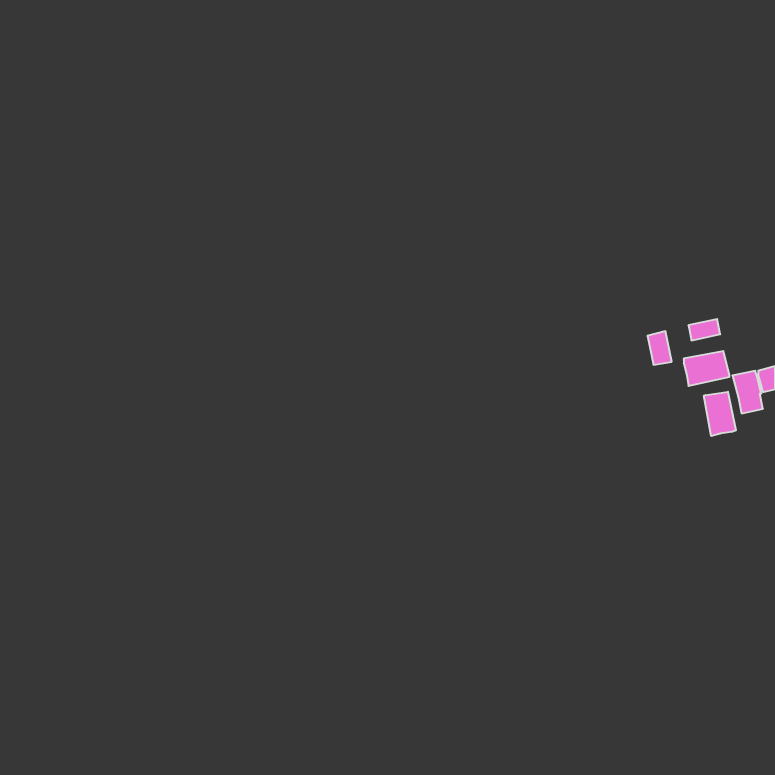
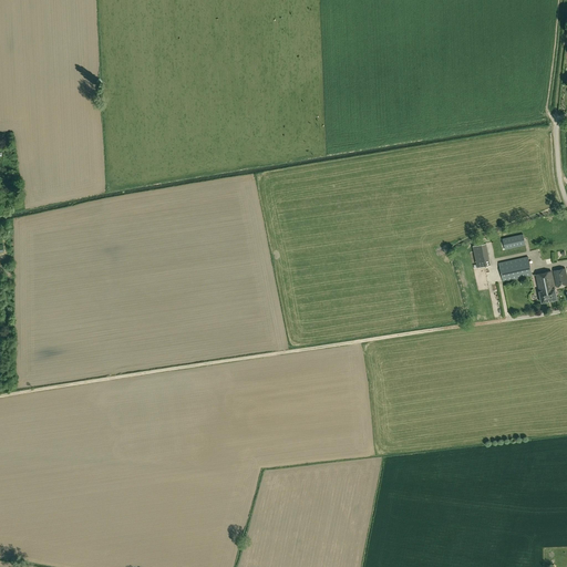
building: [704,392,736,436] -> none

